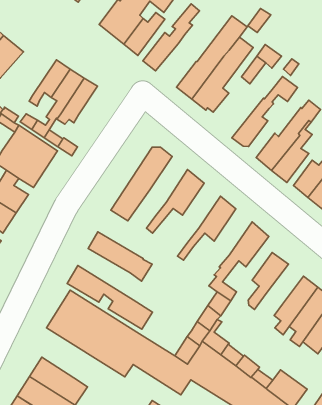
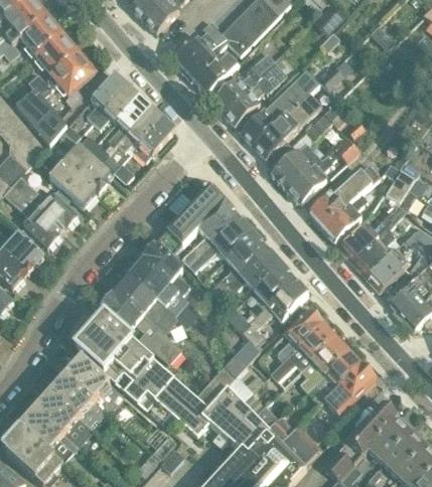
building: none -> [222,59,286,125]
building: none -> [86,73,126,122]
building: none -> [133,118,174,161]
building: none -> [271,142,320,189]
building: none -> [181,198,238,266]
building: none -> [208,229,266,297]
building: none -> [226,260,293,331]
building: none -> [140,245,187,294]
building: none -> [115,276,177,333]
building: none -> [269,322,335,381]
building: none -> [65,358,123,413]

